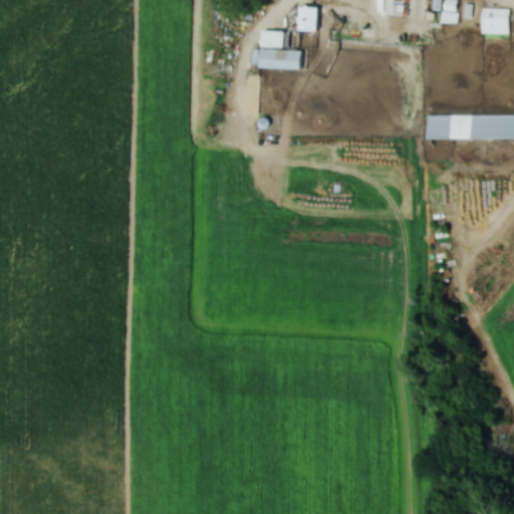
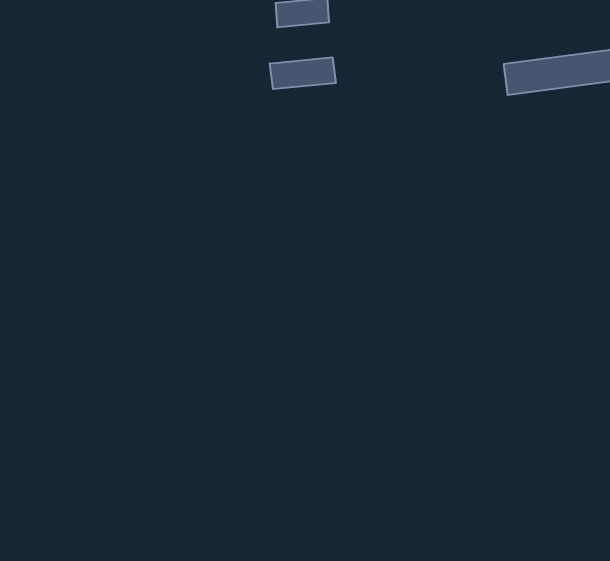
building: none -> [270,57,336,89]

